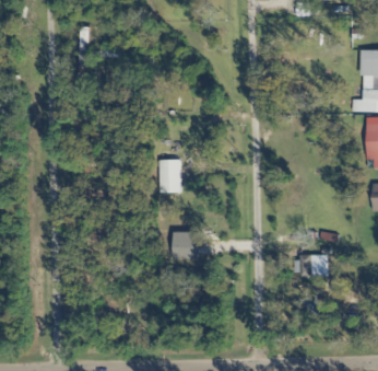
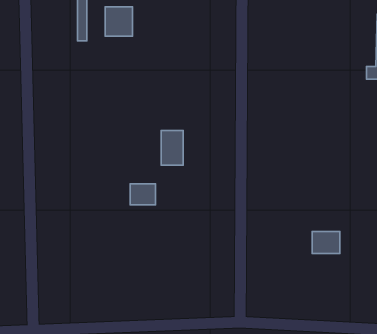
building: none -> [105,7,133,36]
building: [176,239,200,258] -> [130,184,156,205]

